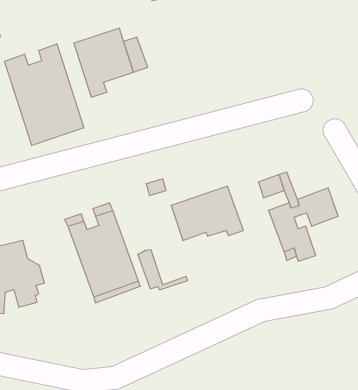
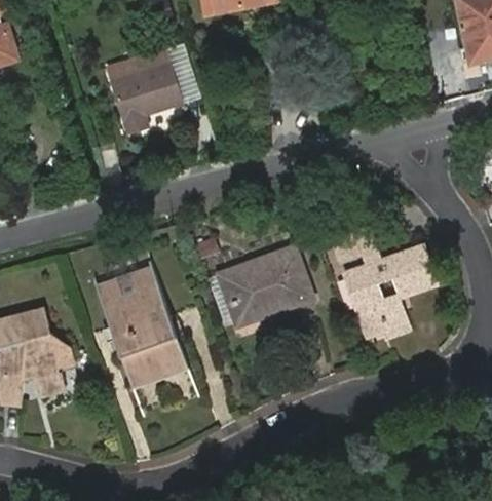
building: [4,44,84,146] -> none
building: [138,250,188,290] -> [210,268,271,317]

